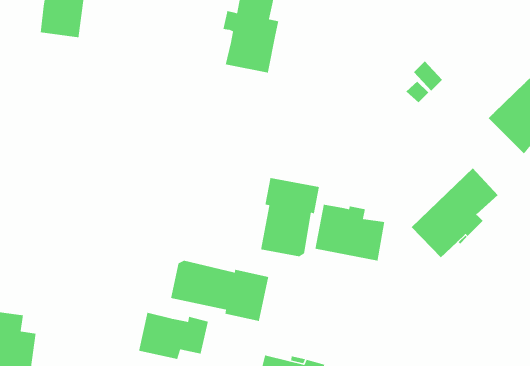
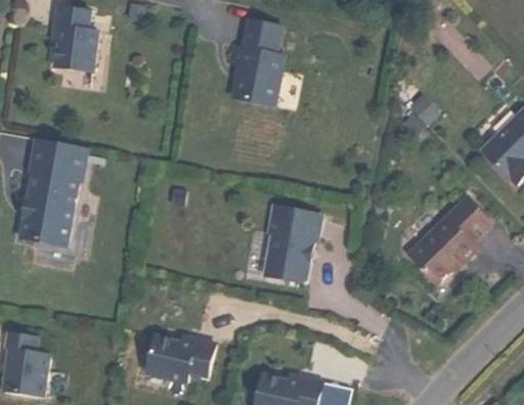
building: none -> [20,138,86,245]
building: [315,204,385,261] -> none
building: [170,260,269,322] -> none

